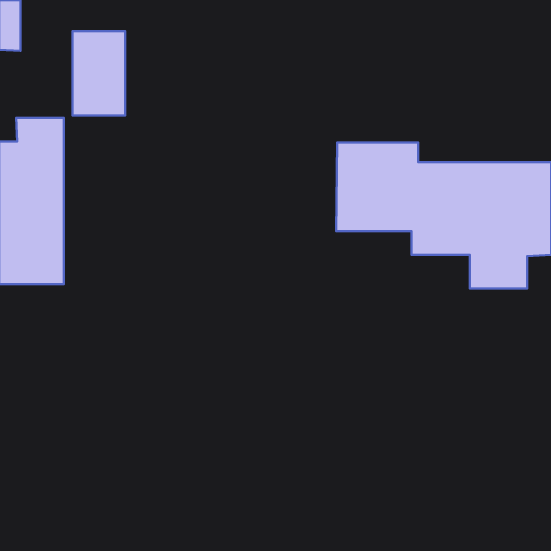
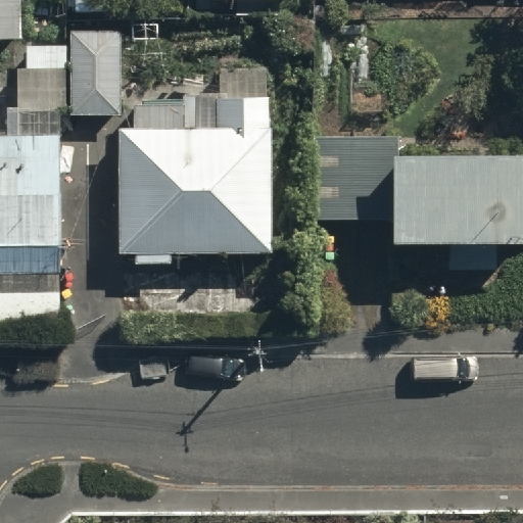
building: none -> [118,99,274,254]

